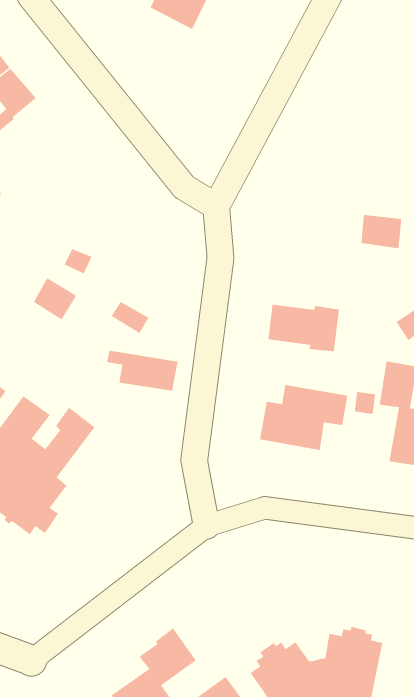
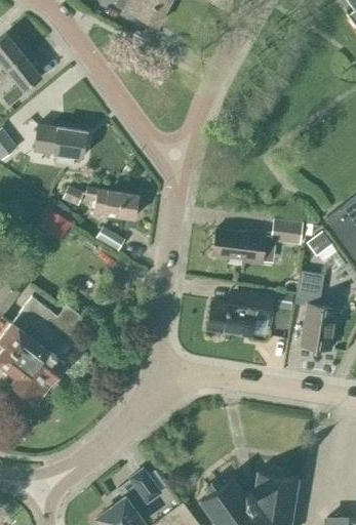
building: none -> [34,125,86,166]
building: [360,214,402,249] -> [269,218,300,244]
building: [106,350,178,392] -> [85,188,139,218]

